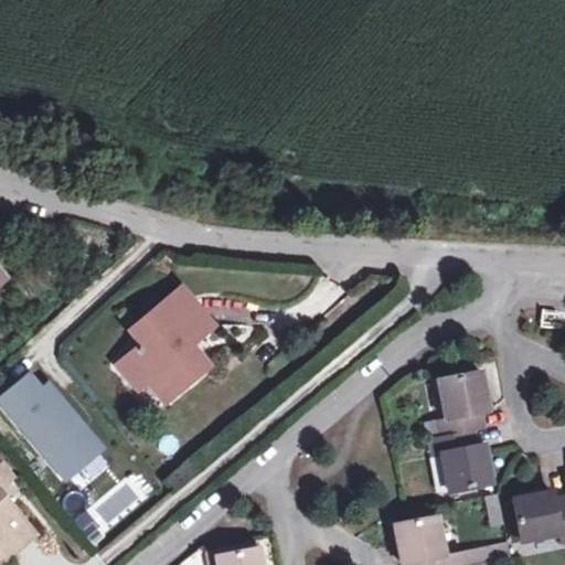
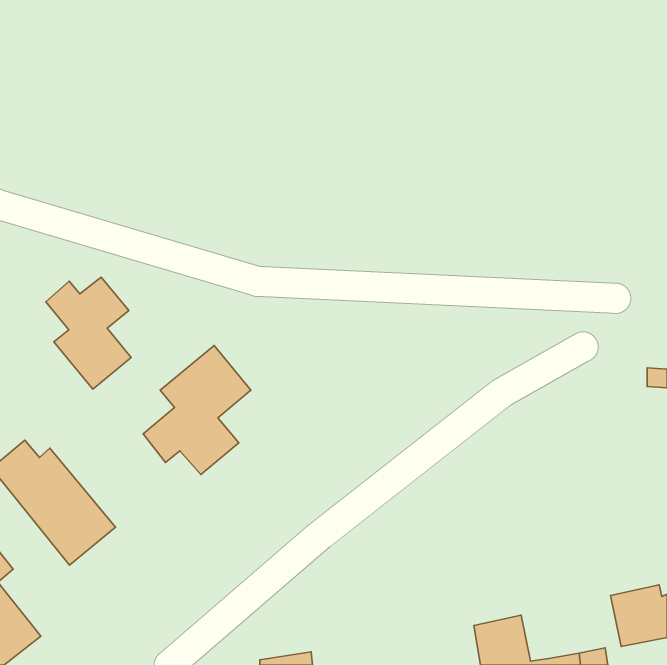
building: none -> [46,277,131,389]
building: [433,370,494,492] -> none

